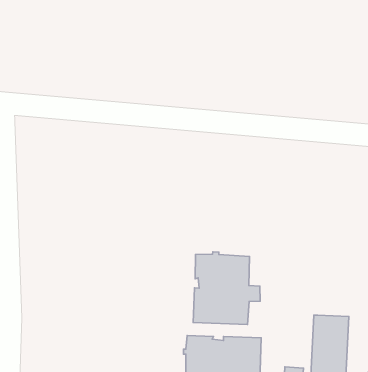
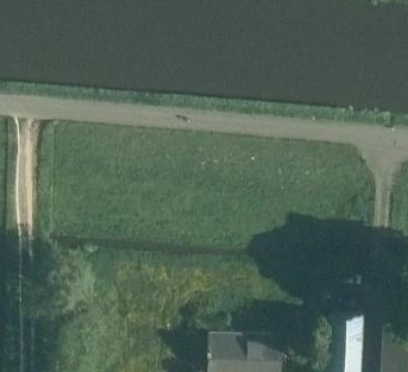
building: [193,252,260,325] -> none

